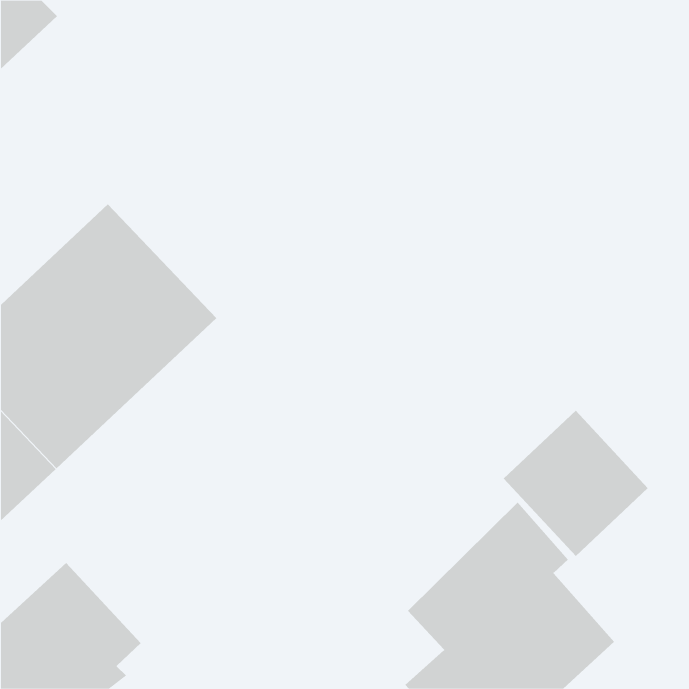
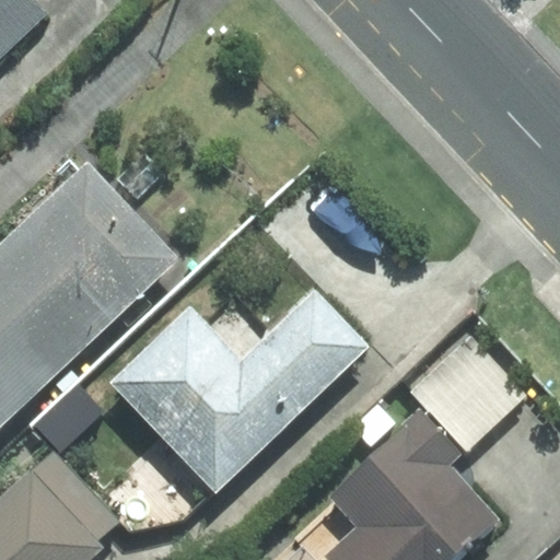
building: none -> [113,293,365,489]

